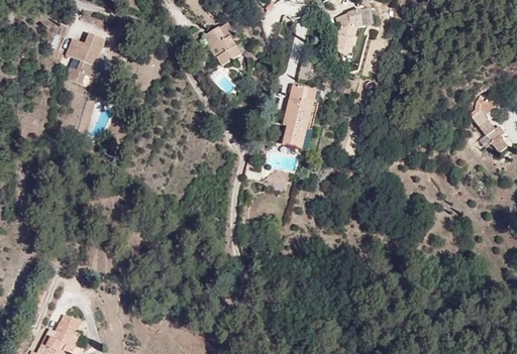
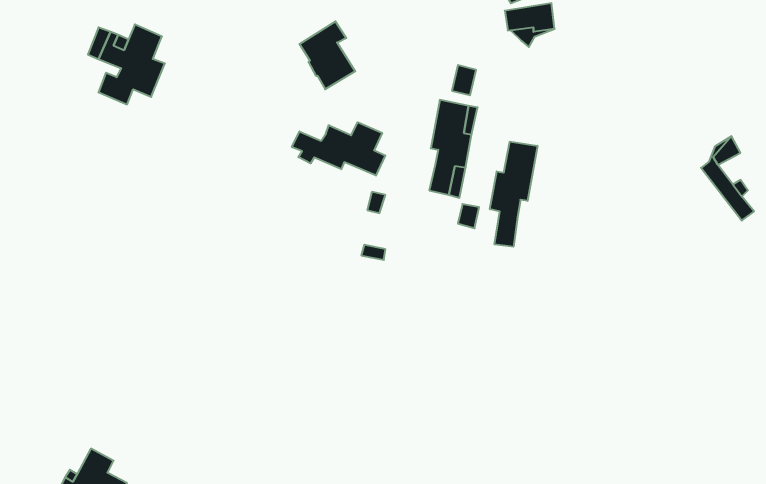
building: none -> [292,122,385,176]
building: none -> [490,142,537,247]

